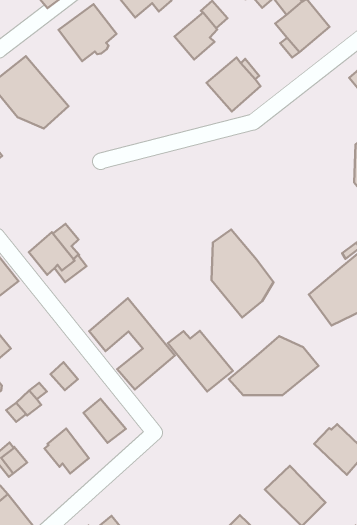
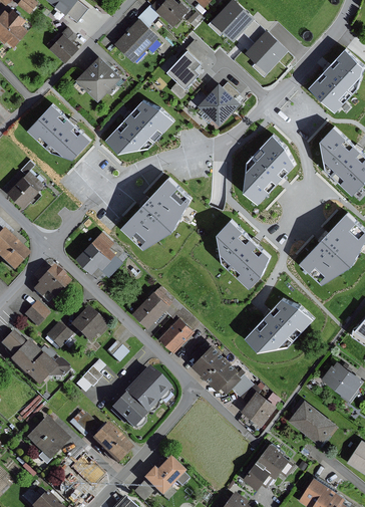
building: none -> [105,99,174,153]
building: none -> [246,135,297,204]
building: none -> [123,176,192,248]
building: none -> [69,307,107,343]
building: [168,331,233,392] -> [194,346,248,394]
building: none -> [123,379,157,413]
building: none -> [237,386,281,429]
building: none -> [91,424,131,464]

